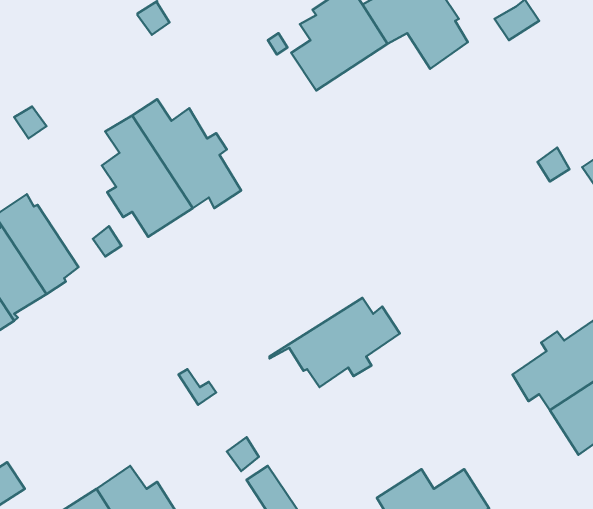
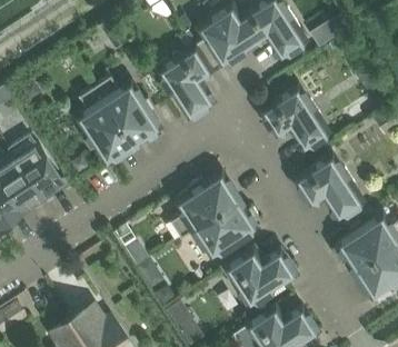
building: none -> [159,49,213,118]
building: none -> [261,88,328,150]
building: none -> [296,157,362,219]
building: none -> [171,173,239,238]
building: none -> [226,251,296,306]

